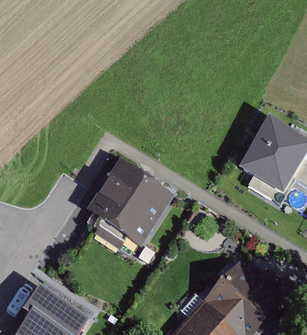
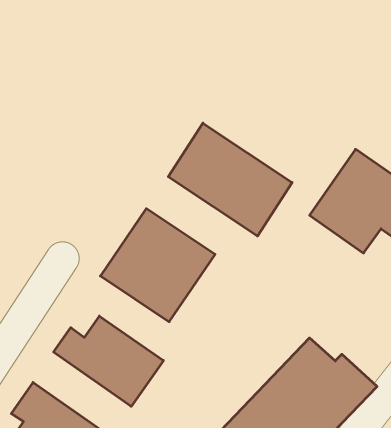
building: none -> [168,123,292,236]
building: none -> [54,316,163,406]

